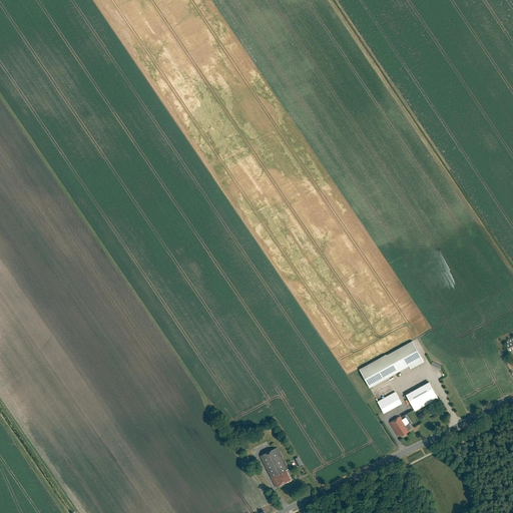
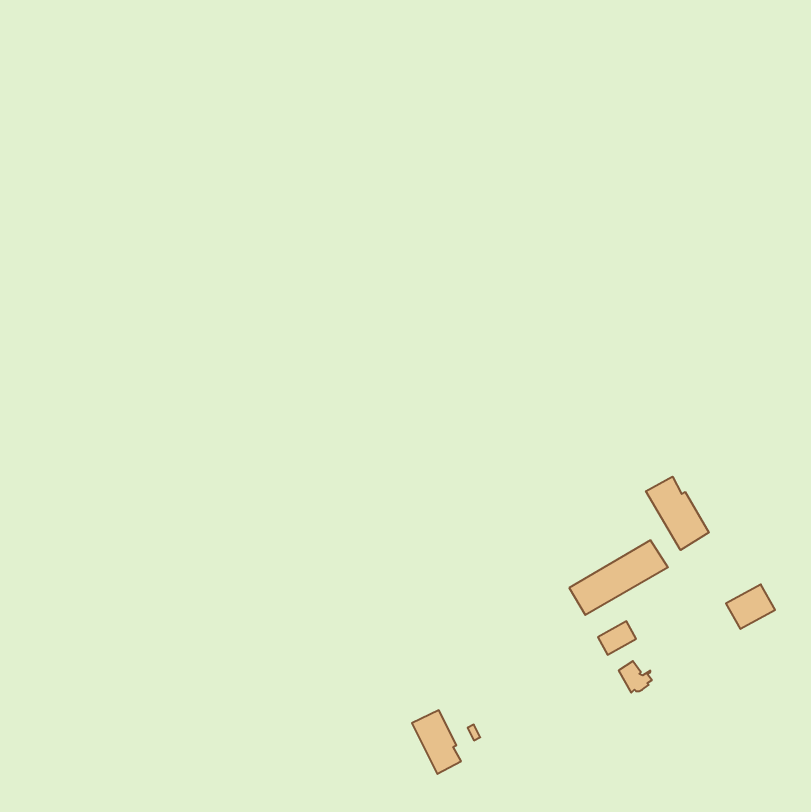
building: none -> [646,477,709,550]
building: [406,383,437,411] -> [726,584,775,629]

